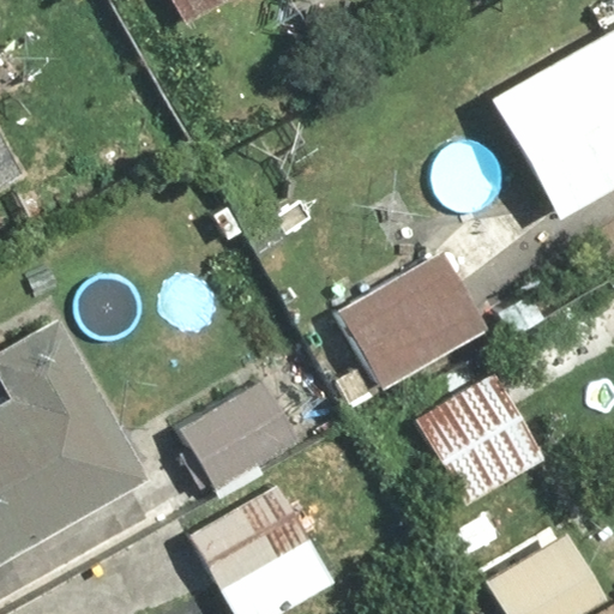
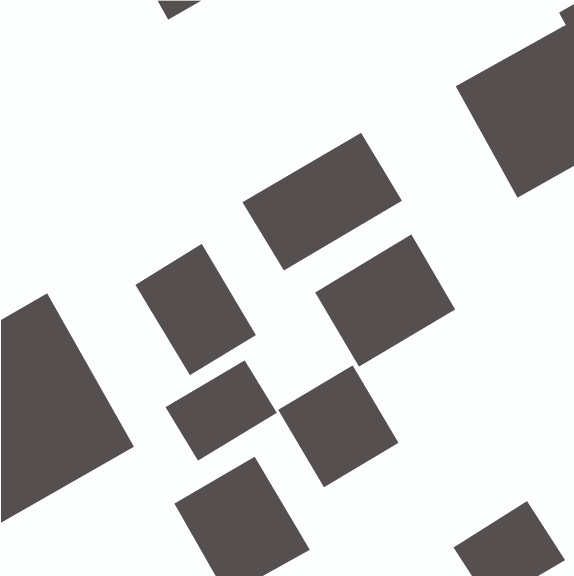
building: none -> [242,132,403,272]
building: none -> [134,243,257,376]
building: [414,374,543,505] -> [277,365,400,488]

